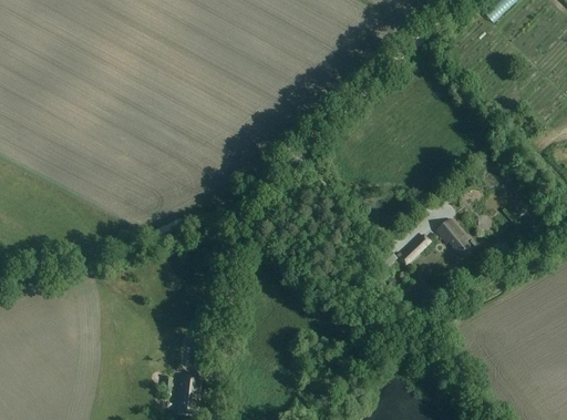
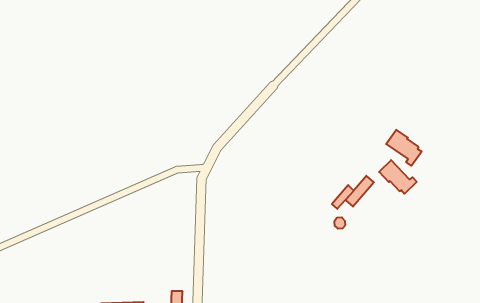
building: none -> [386,130,422,166]

